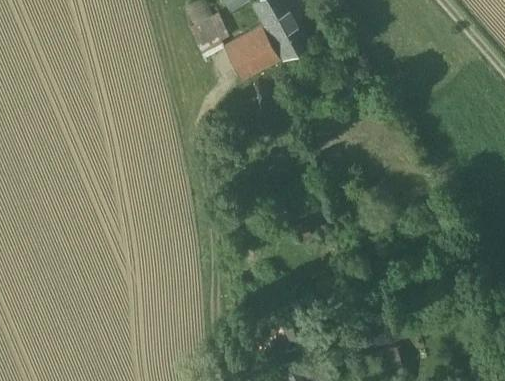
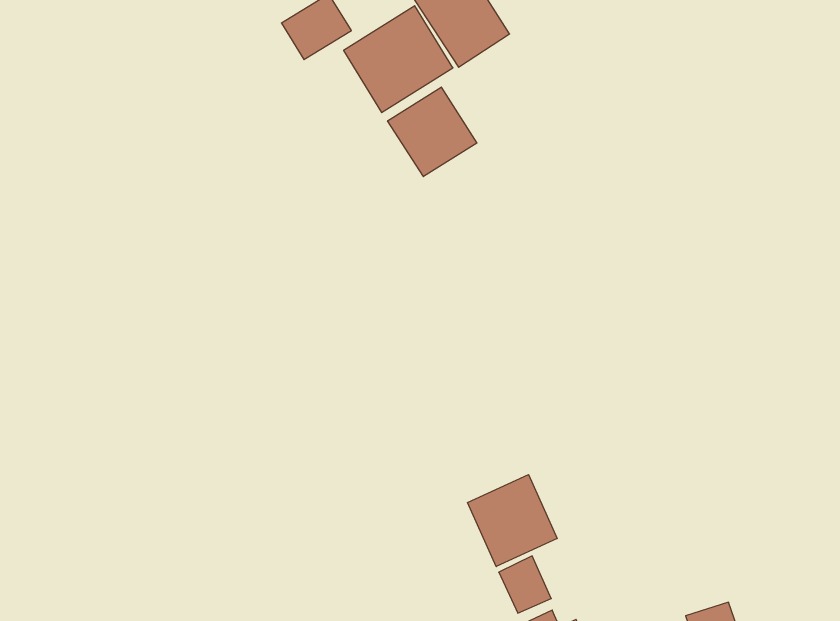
building: none -> [388,87,477,177]
building: none -> [468,475,557,567]

